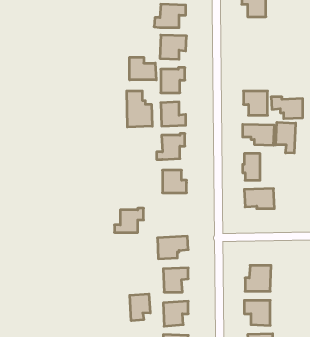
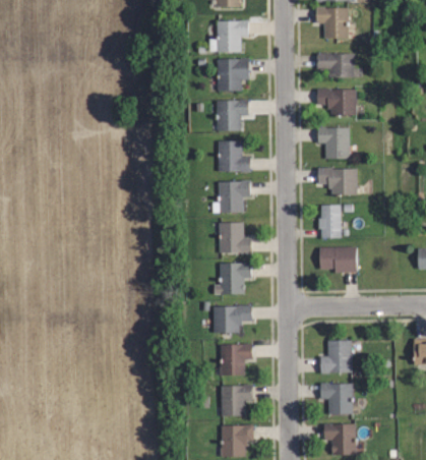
building: none -> [317,56,353,82]
building: [130,57,156,80] -> none
building: [127,91,152,127] -> none
building: [271,97,303,119] -> [317,89,356,115]
building: [276,122,296,153] -> none
building: [114,208,144,232] -> [216,263,251,292]
building: [130,294,150,321] -> none

